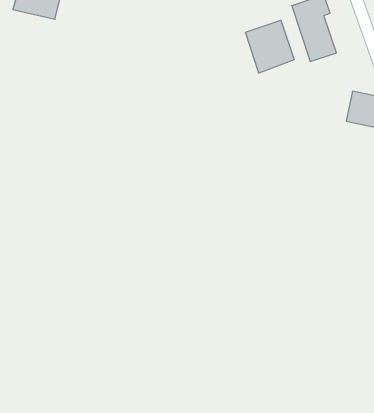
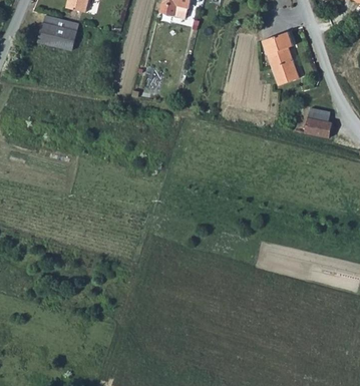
building: [245,20,294,73] -> none

